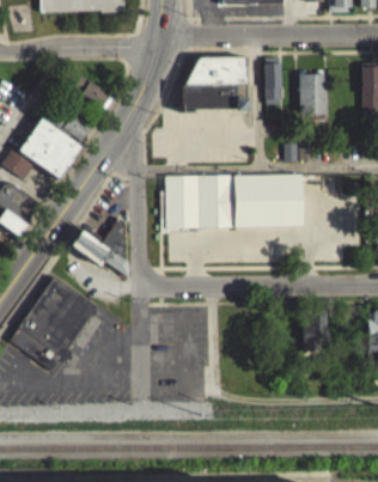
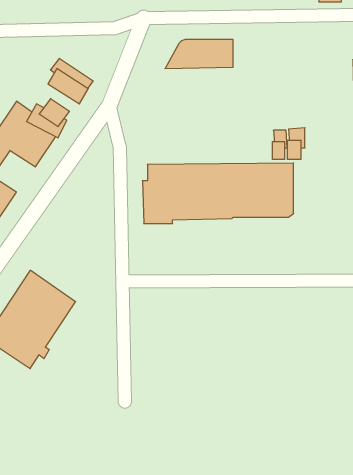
building: [263,65,281,111] -> none
building: [298,81,327,123] -> none
building: [183,83,248,109] -> none
building: [68,215,130,274] -> none
building: [303,321,329,354] -> none

